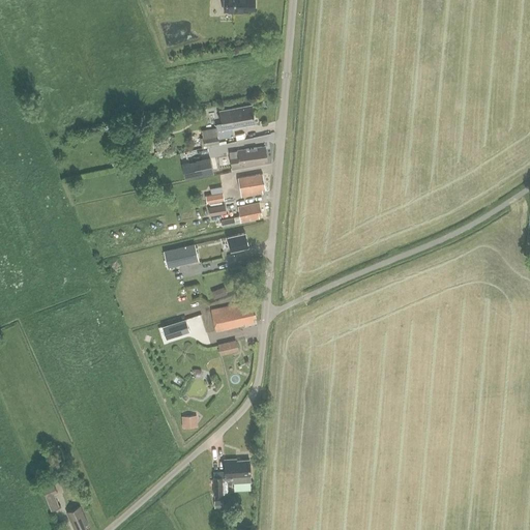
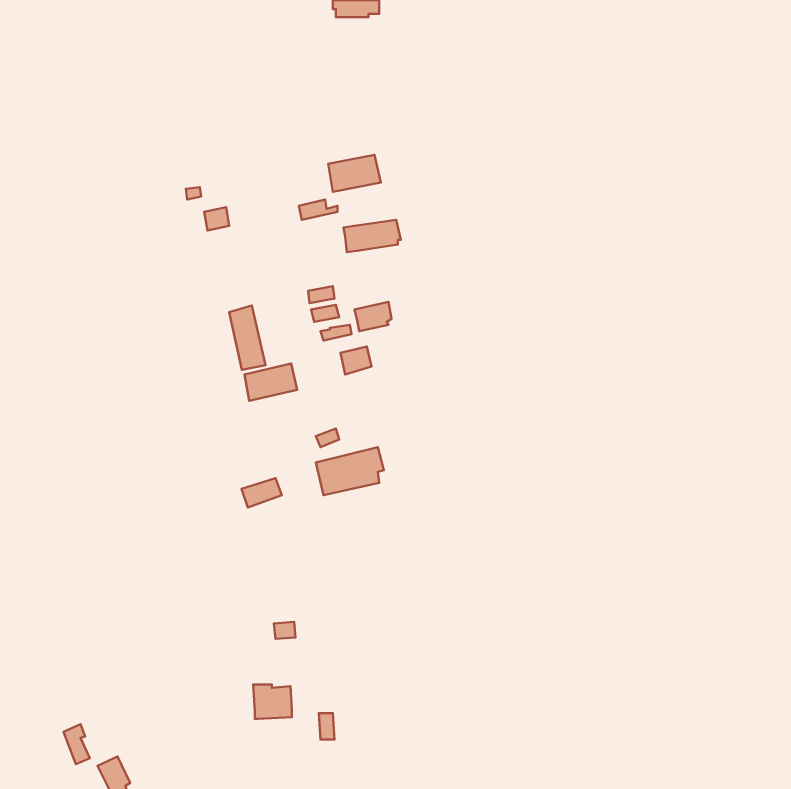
building: [181,158,213,180] -> none
building: [238,174,266,197] -> none
building: none -> [229,305,265,370]
building: [225,460,251,482] -> [253,685,292,719]

